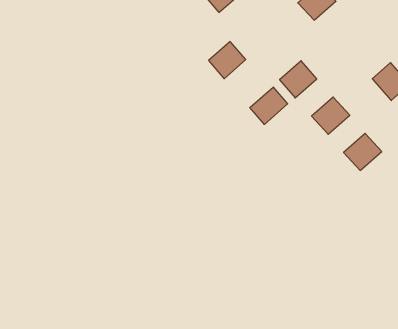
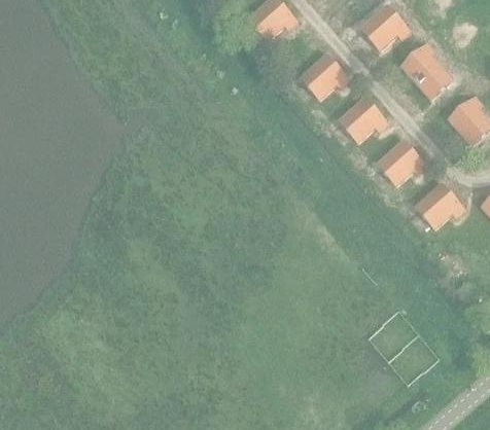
building: none -> [402,46,453,98]
building: [209,42,246,79] -> [302,53,346,98]
building: [250,87,288,124] -> none

